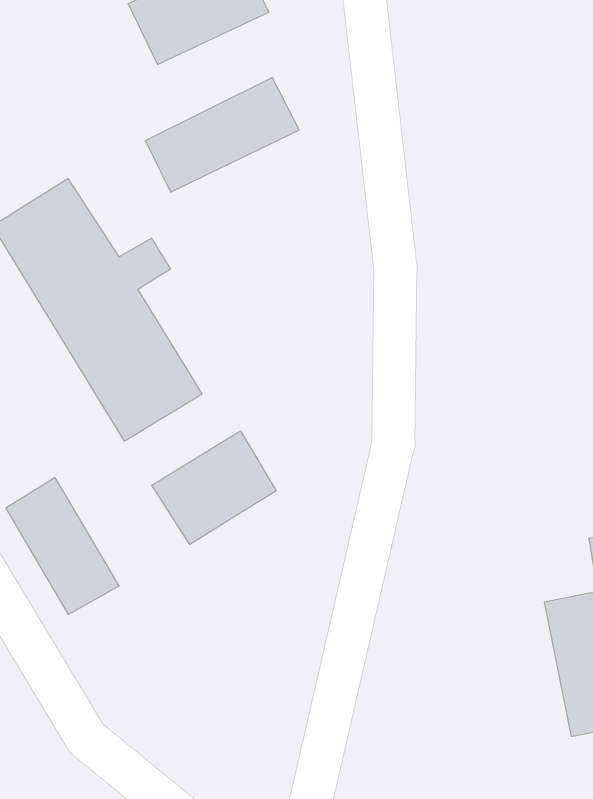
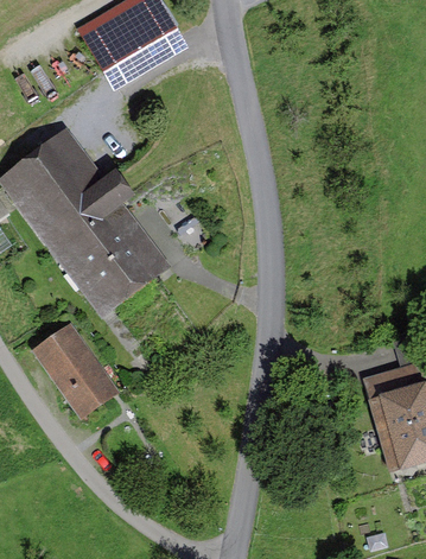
building: [146,77,299,192] -> none
building: [152,431,276,544] -> none

